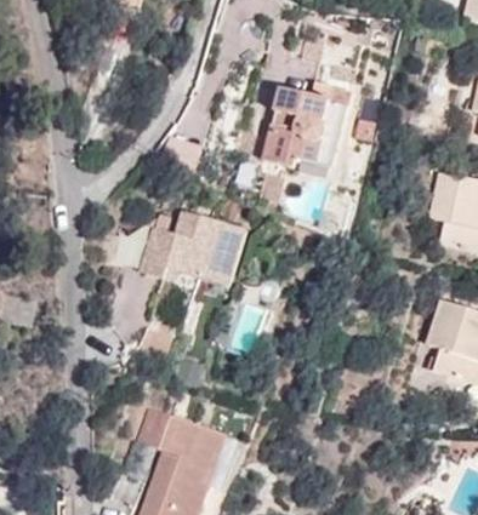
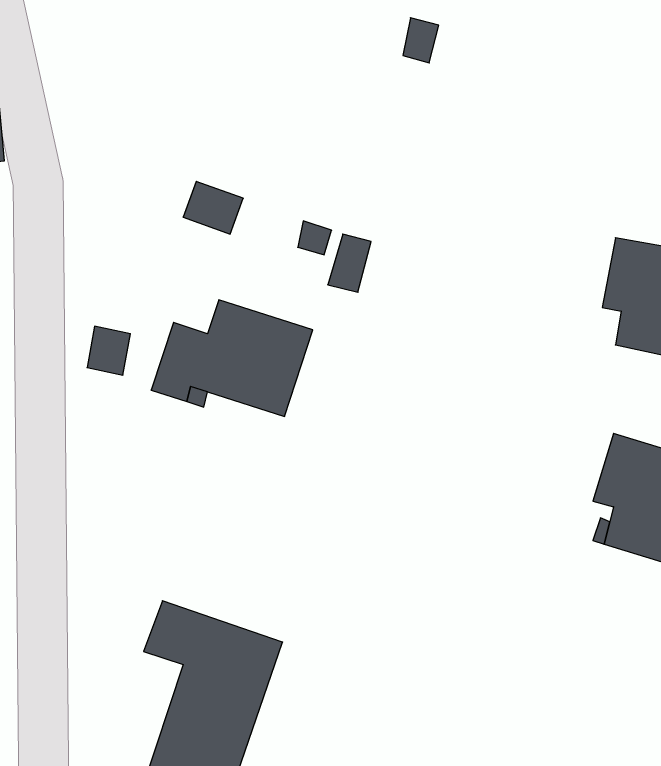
building: [261,81,352,166] -> none

